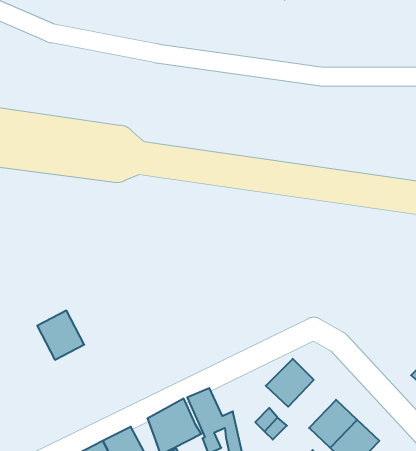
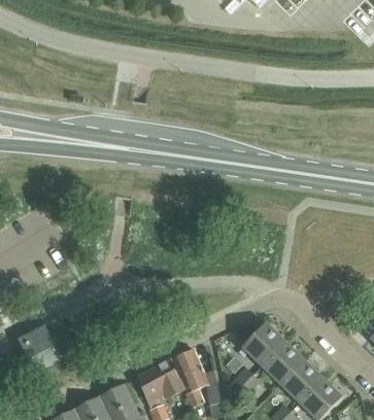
building: [37,311,84,360] -> [18,326,59,370]
building: none -> [261,342,303,384]

